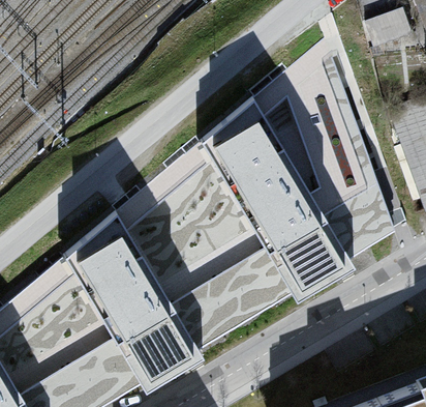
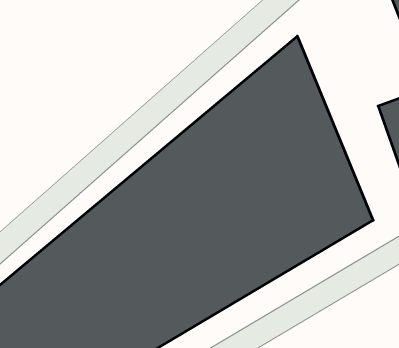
building: [372,9,410,38] -> none

